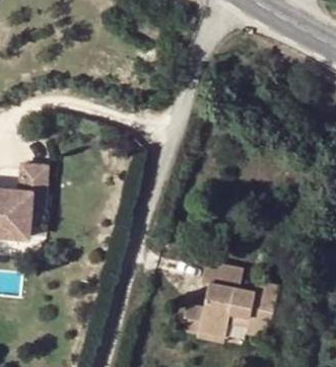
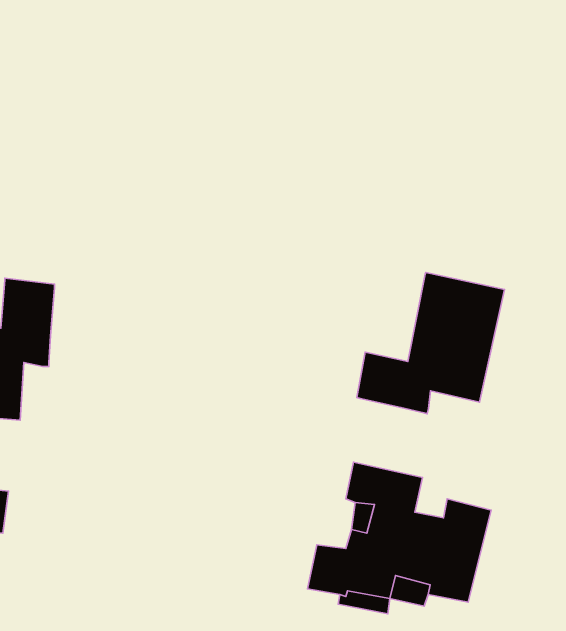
building: none -> [357,273,504,414]

